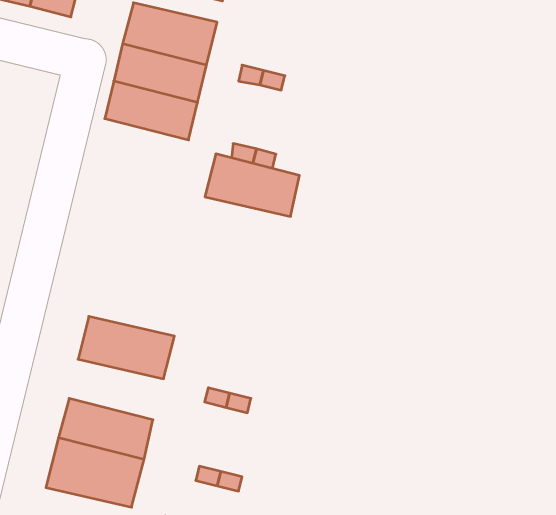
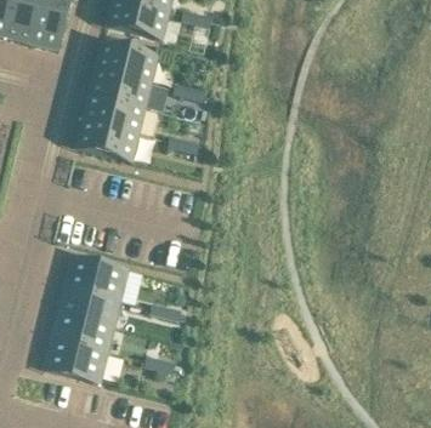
building: [205,154,299,216] -> [75,120,140,162]
building: none -> [58,284,123,325]

